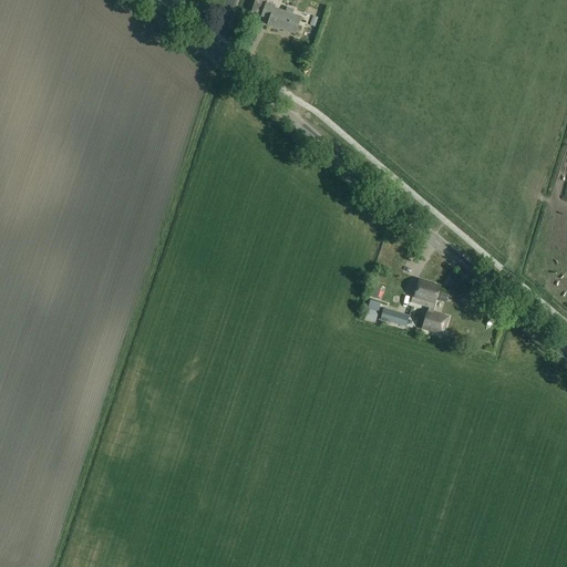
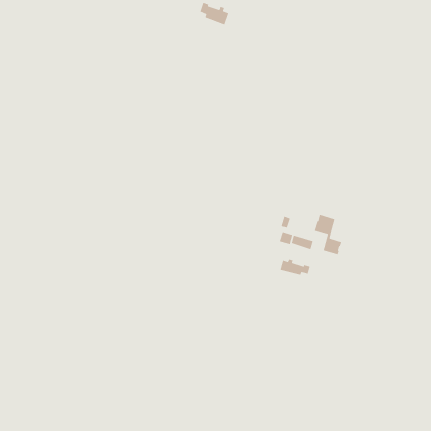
building: none -> [279,258,311,276]

